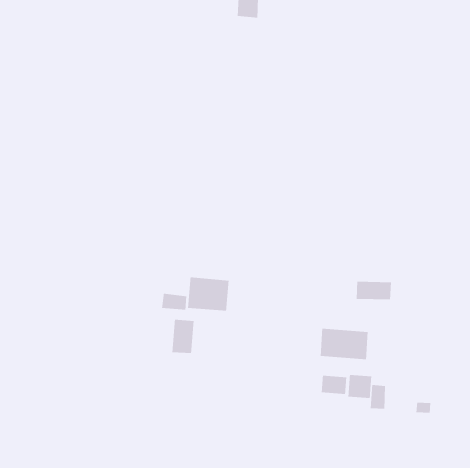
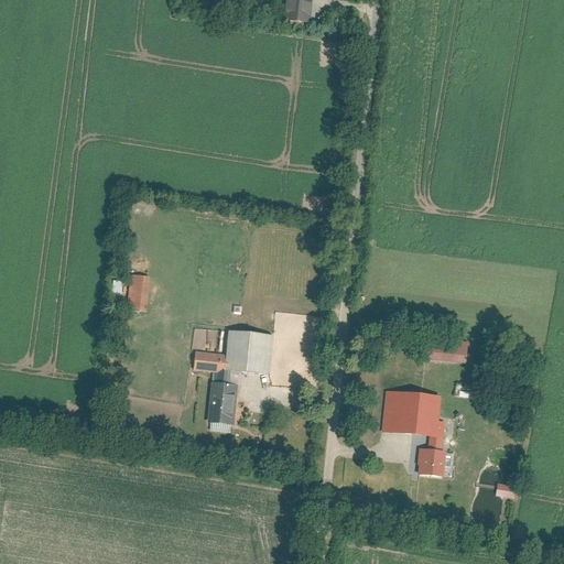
building: none -> [127,276,151,313]
building: [321,375,347,395] -> none
building: [370,384,386,409] -> none

